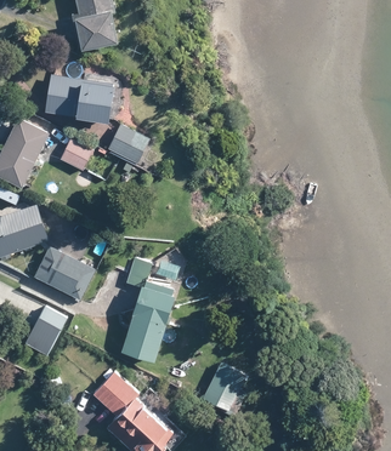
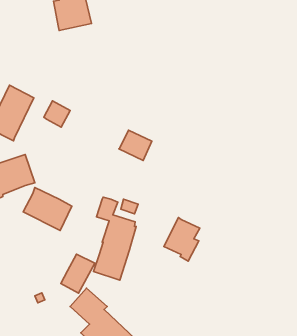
building: [45,75,115,122] -> none
building: [108,125,149,162] -> [119,130,152,161]
building: [24,307,67,355] -> [61,254,95,293]
building: [202,362,246,417] -> [164,217,200,261]

